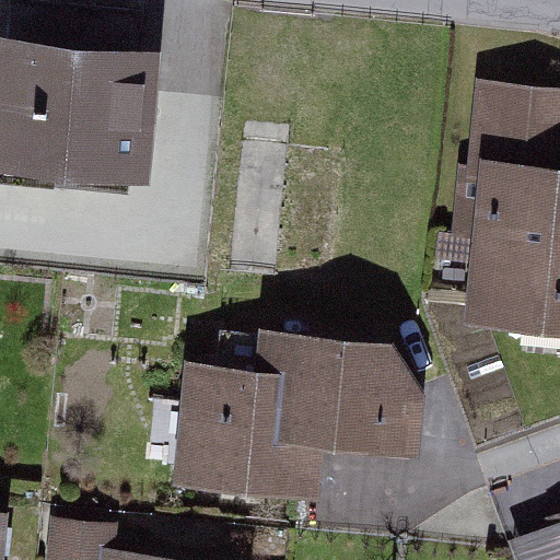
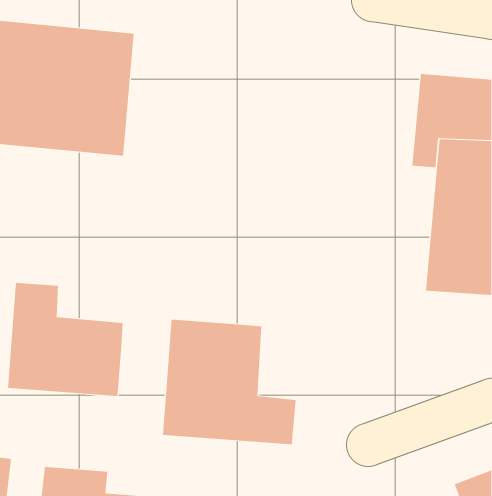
building: none -> [7,282,123,397]
building: [266,334,434,458] -> none

